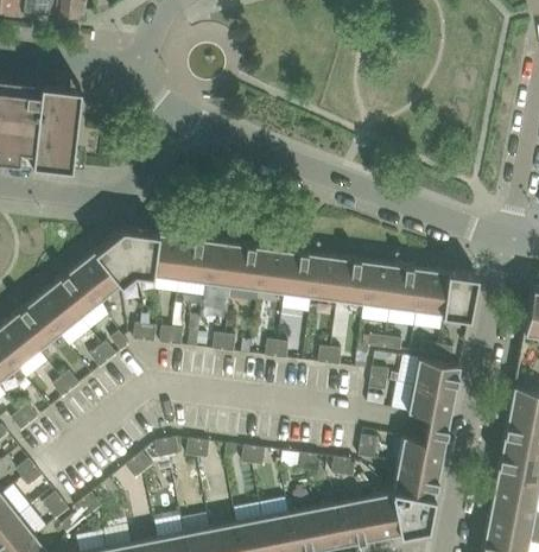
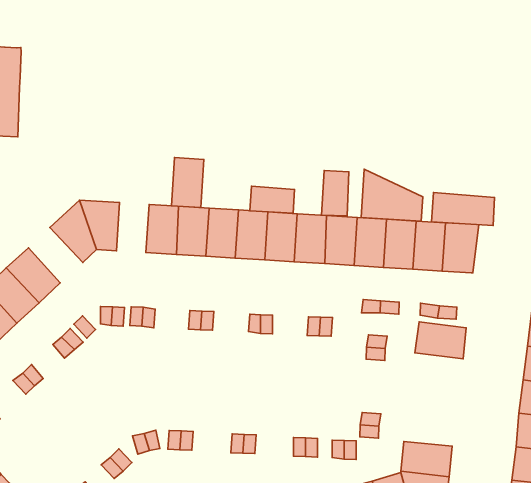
building: none -> [322,170,349,216]
building: none -> [361,169,423,221]
building: none -> [250,186,294,213]
building: [152,235,184,281] -> [171,158,204,208]
building: none -> [432,193,495,225]
building: [74,253,121,303] -> none
building: [397,388,455,474] -> none

